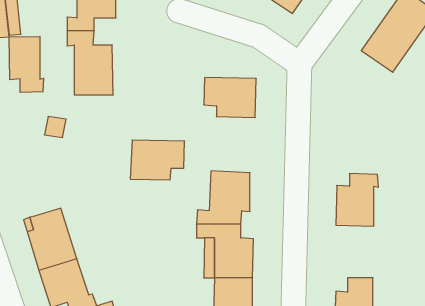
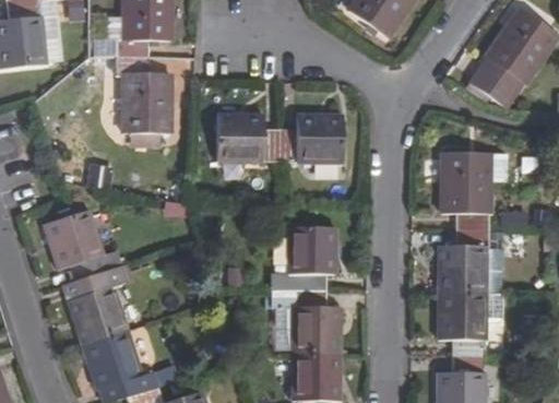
building: [9,36,44,92] -> none
building: none -> [442,153,490,230]
building: [130,140,185,180] -> [215,112,281,161]
building: none -> [43,210,107,281]
building: none -> [439,292,485,355]

